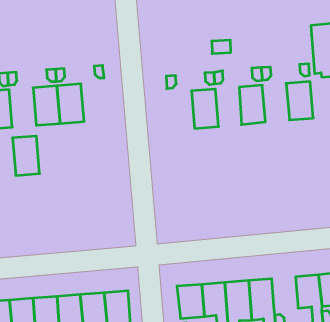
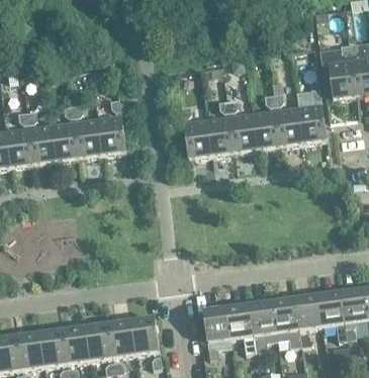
building: none -> [99,115,126,155]
building: none -> [276,107,304,146]
building: none -> [230,113,258,153]
building: none -> [184,119,212,159]
building: [12,136,40,175] -> [29,124,58,164]
building: none -> [295,295,322,328]

